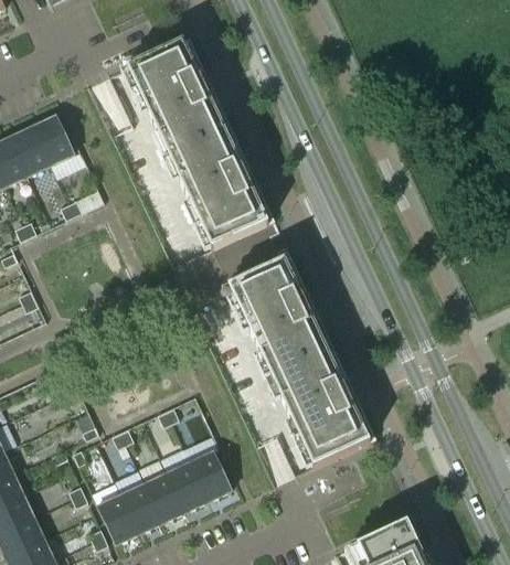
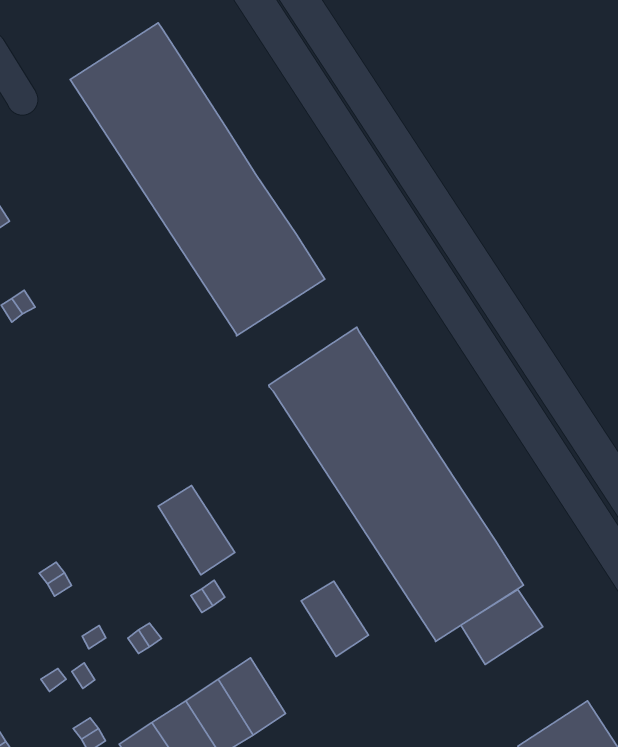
building: none -> [158,485,235,575]
building: none -> [461,589,543,664]
building: [190,451,231,501] -> [301,581,368,657]

